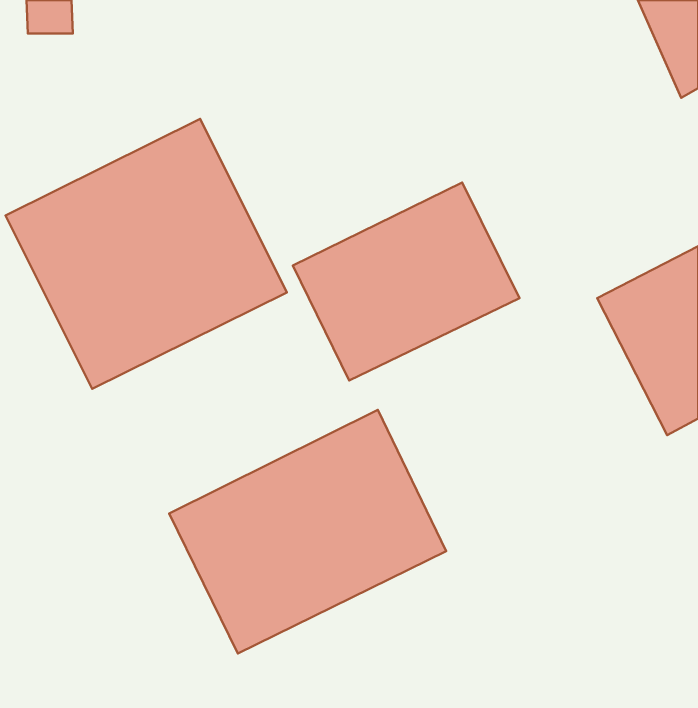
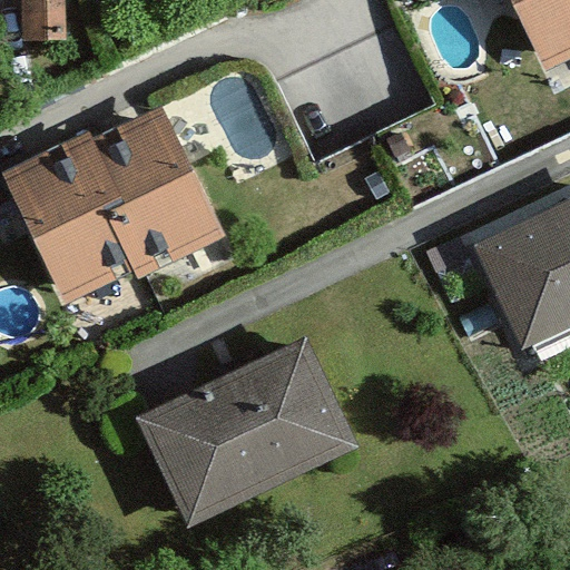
building: [293,182,520,381] -> none

